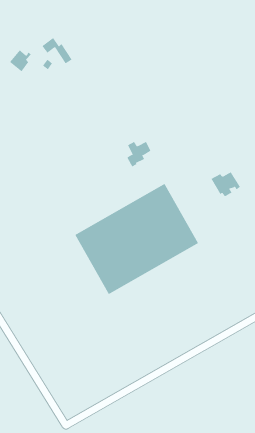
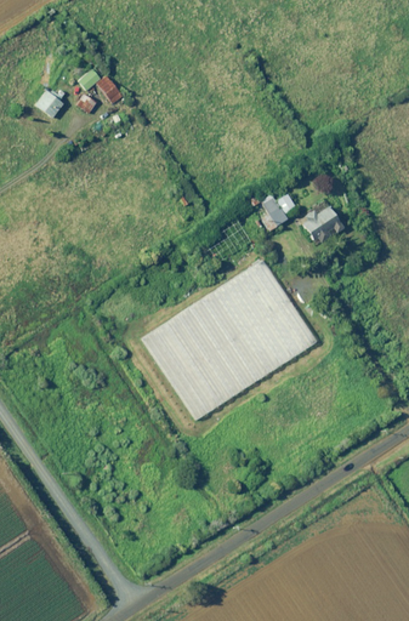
building: [126,141,151,167] -> [263,194,297,232]
building: [211,171,241,197] -> [302,207,345,244]

